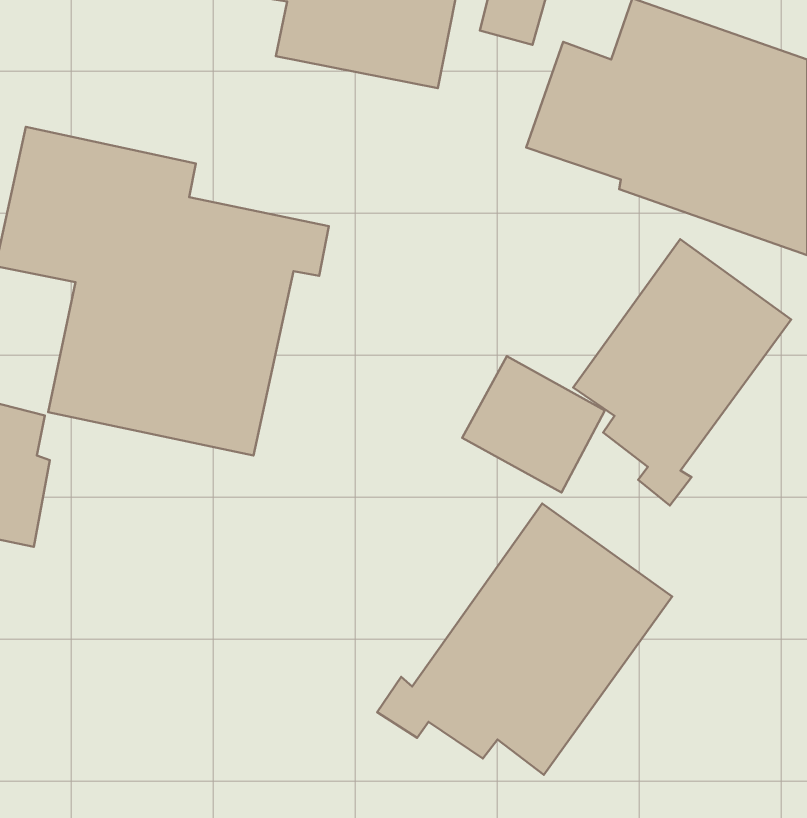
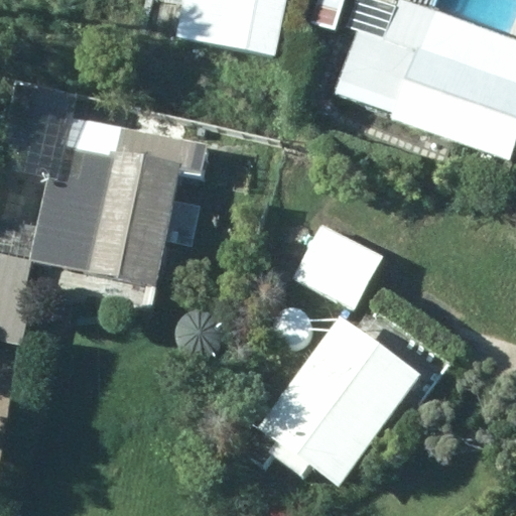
building: [573,239,791,505] -> none

